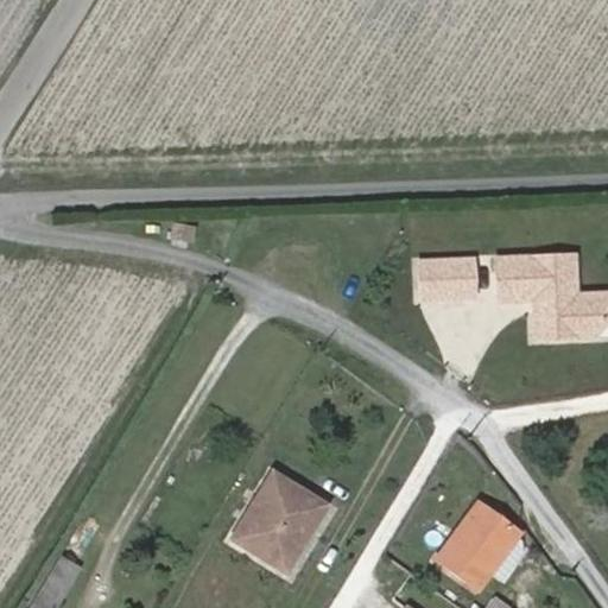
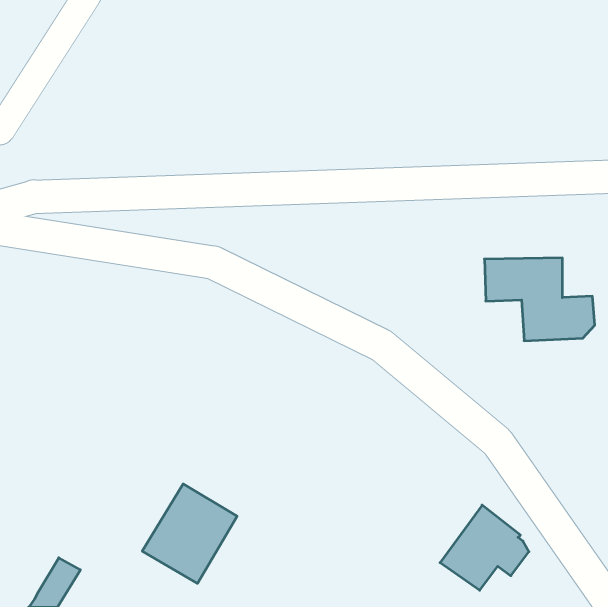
building: [413,258,461,296] -> none
building: [236,468,330,566] -> [142,484,237,583]

